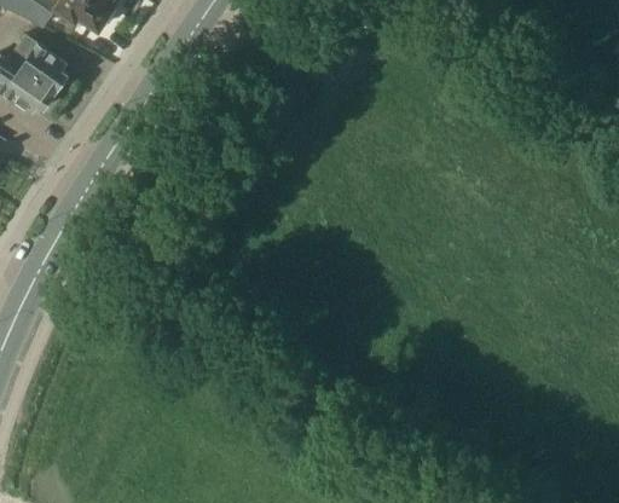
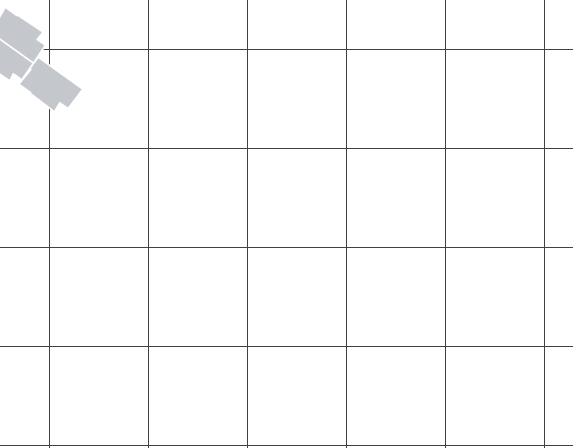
building: none -> [19,57,83,112]

